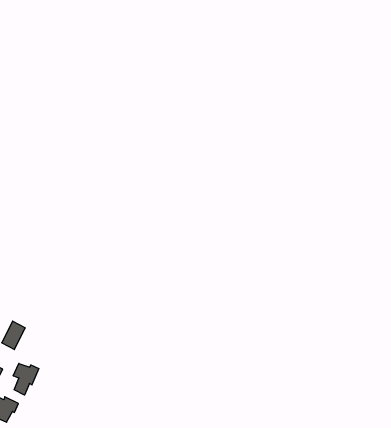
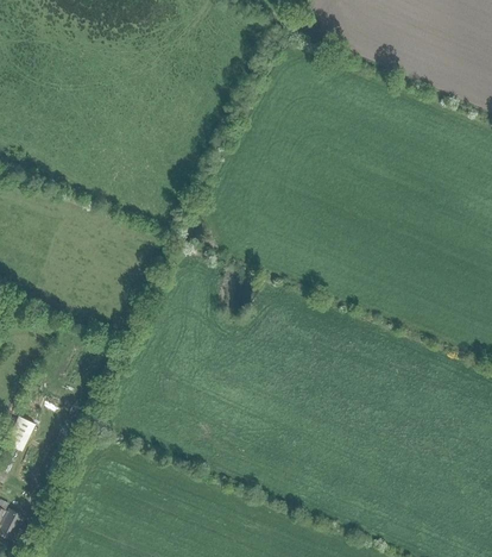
building: [13,363,39,395] -> none

